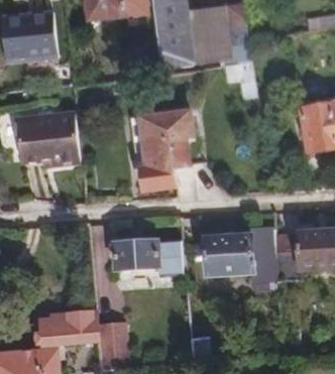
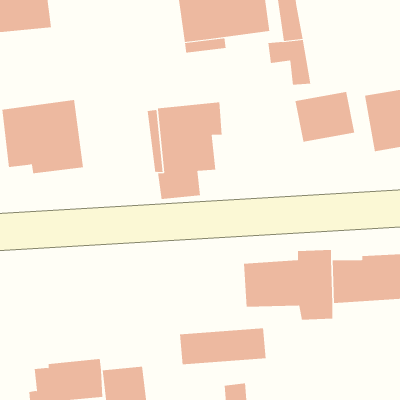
building: none -> [295,91,355,143]
building: [111,238,180,267] -> [179,328,267,365]

